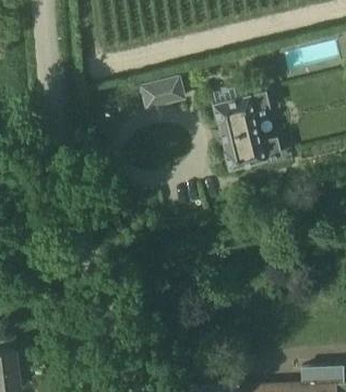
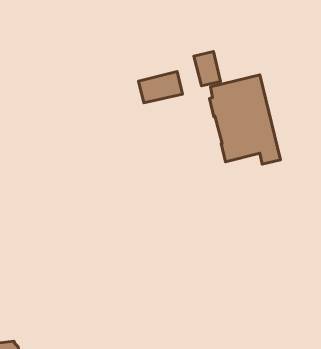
building: none -> [194,52,220,86]

